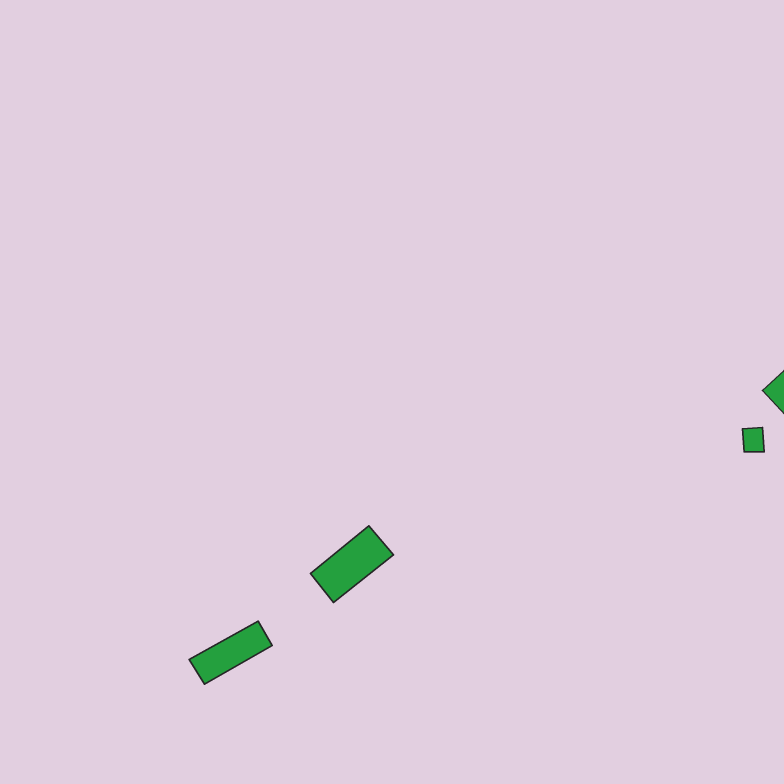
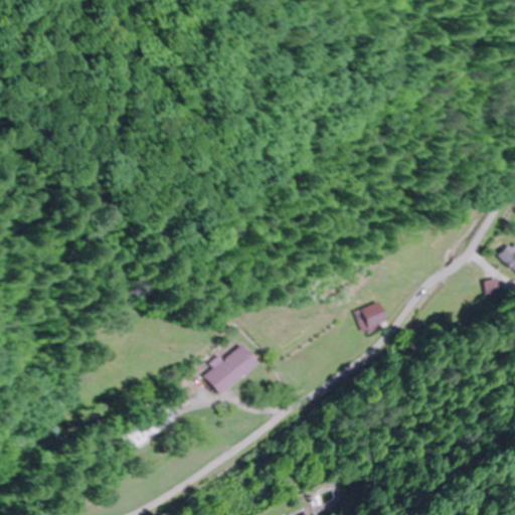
building: none -> [354,301,388,334]

